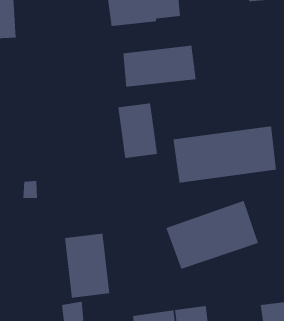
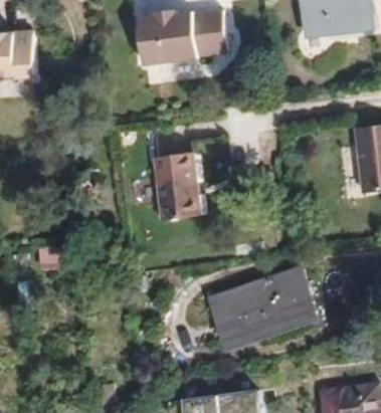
building: [123,45,196,88] -> none
building: [173,126,277,184] -> none
building: [65,233,110,299] -> none

